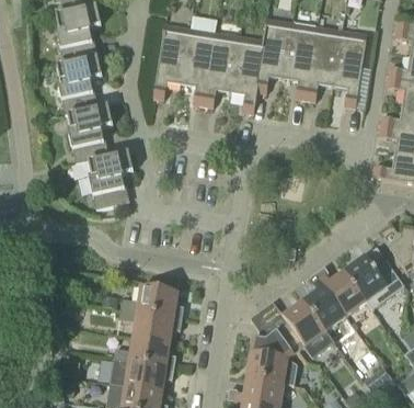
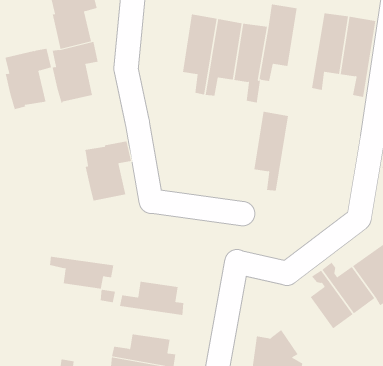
building: [283,23,317,100] -> [254,111,289,191]
building: [152,25,189,100] -> none
building: [67,104,112,163] -> [5,48,52,110]
building: [276,301,332,358] -> none
building: [119,309,182,341] -> [49,256,114,289]

